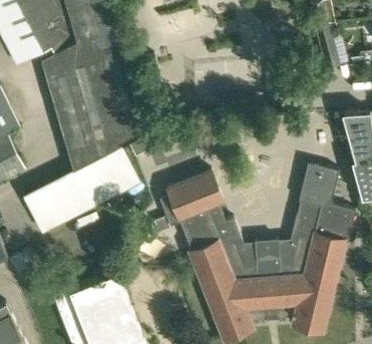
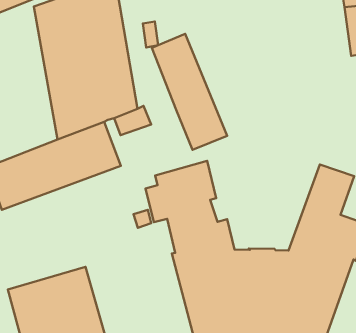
building: none -> [152,34,227,150]

